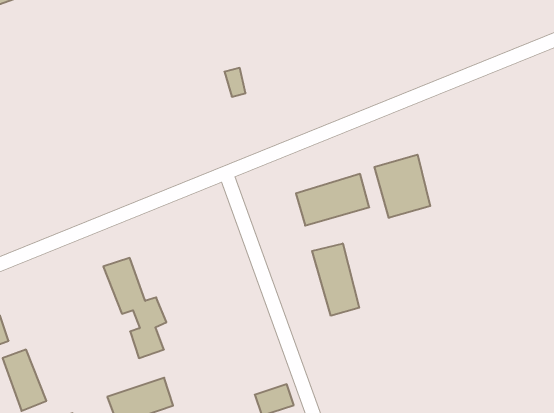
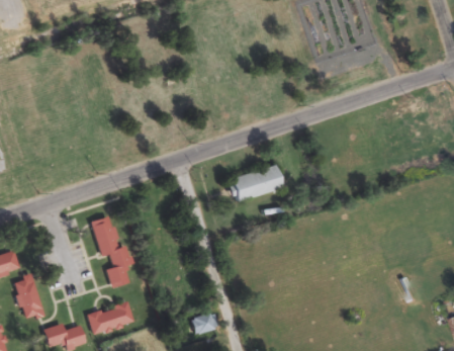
building: [374,155,430,218] -> none
building: [312,243,359,316] -> none

